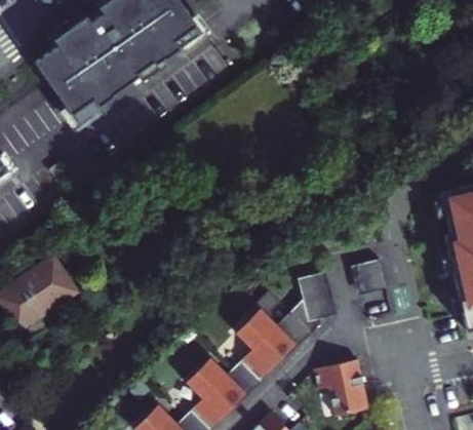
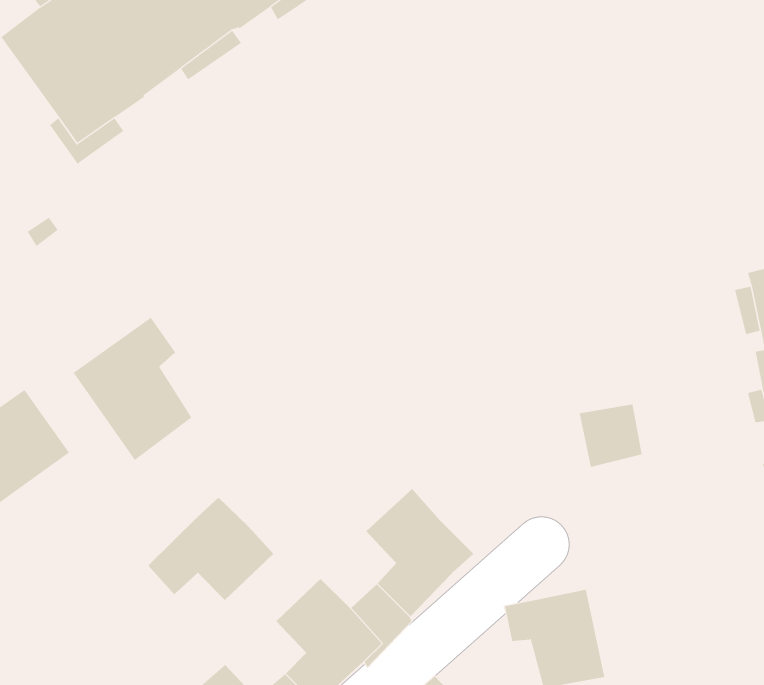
building: none -> [73,317,192,461]
building: [276,274,334,357] -> none
building: none -> [148,497,274,601]

